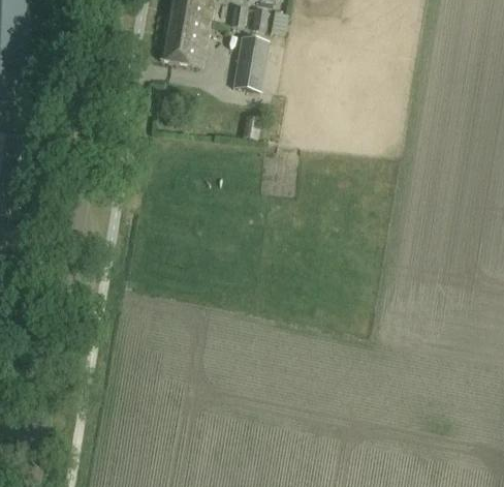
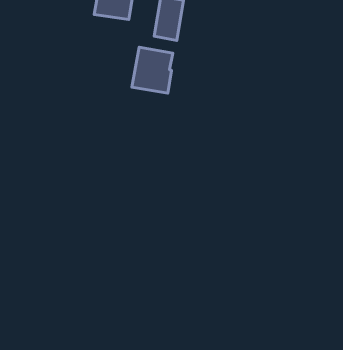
building: none -> [132,47,173,93]

